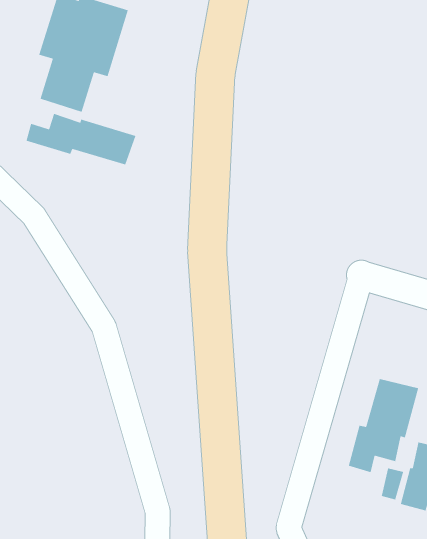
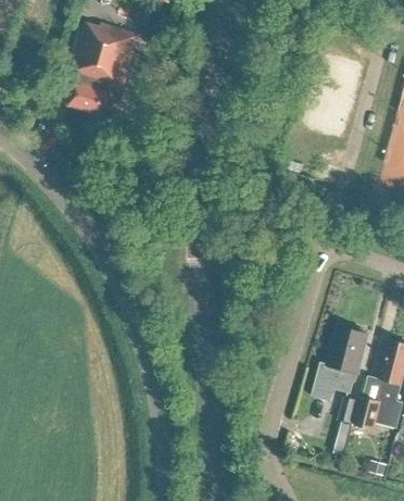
building: [25,113,136,166] -> none

